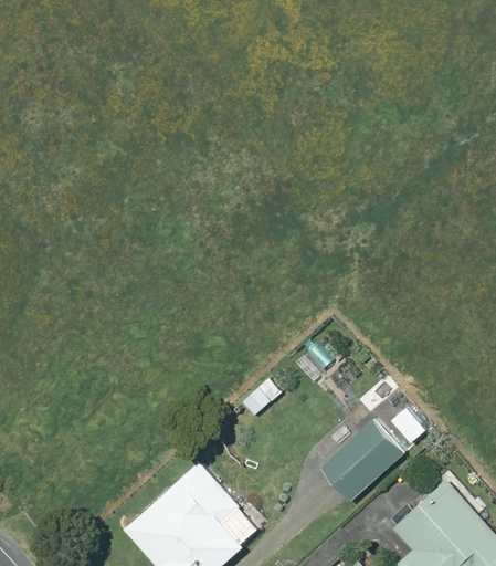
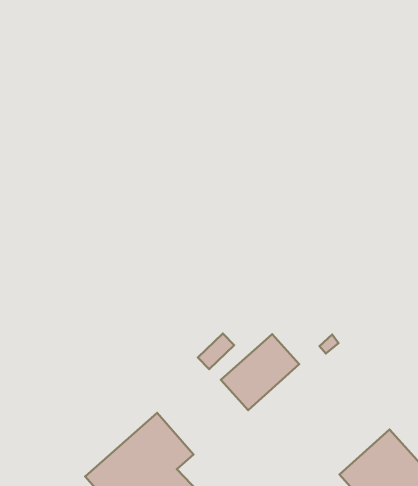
building: [320,420,403,501] -> [221,334,299,410]

